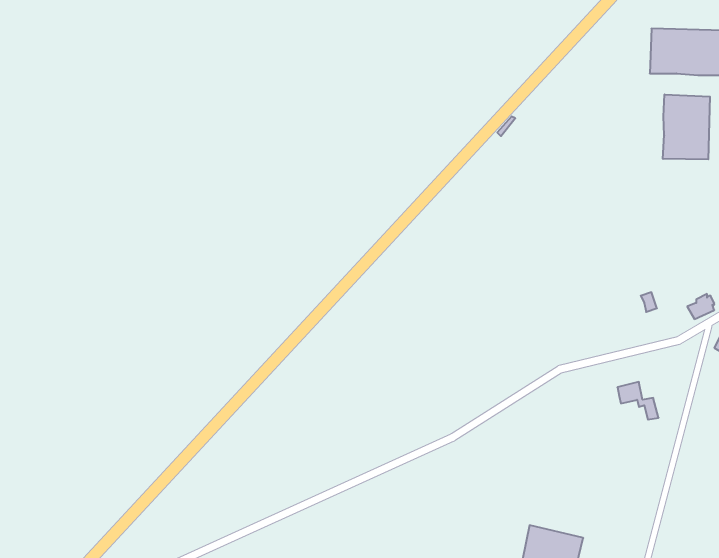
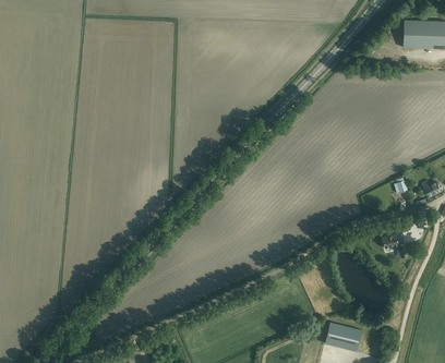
building: [663,94,710,159] -> none

